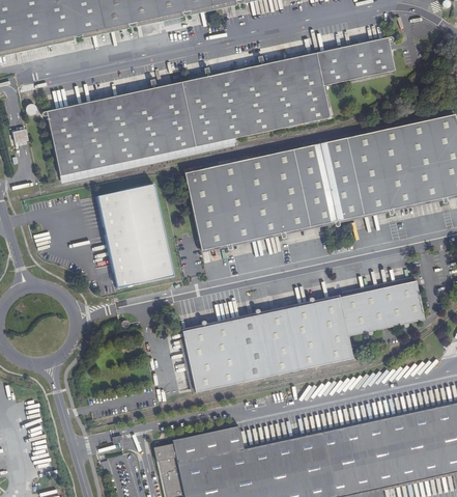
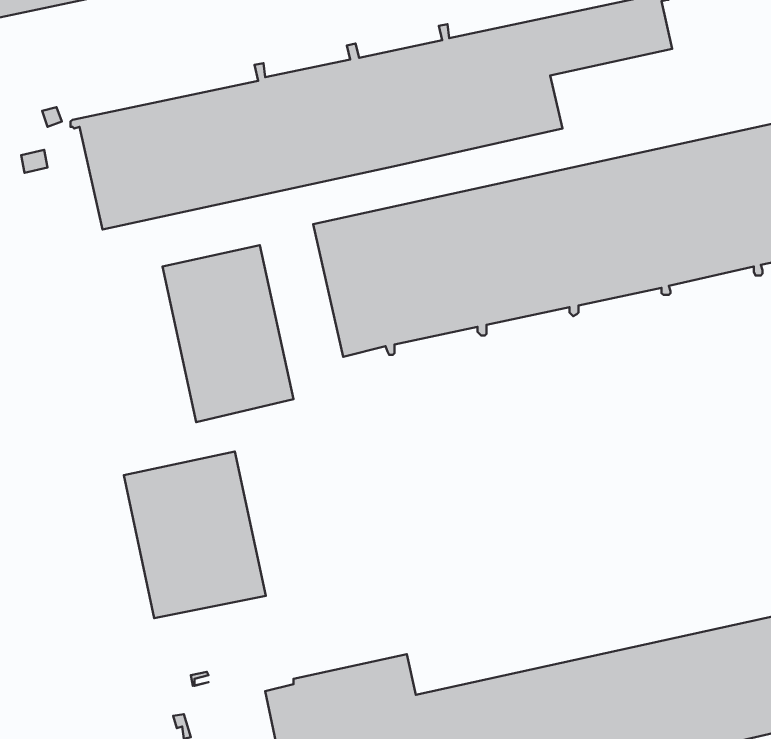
building: [183,281,424,392] -> none
building: none -> [124,451,266,618]

